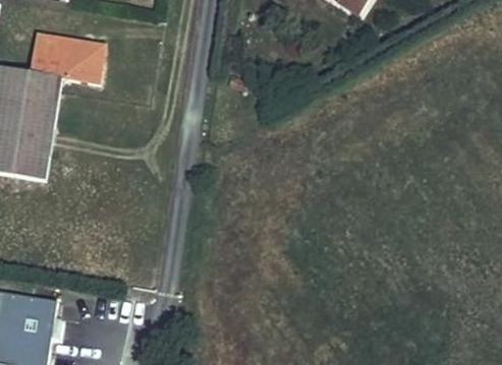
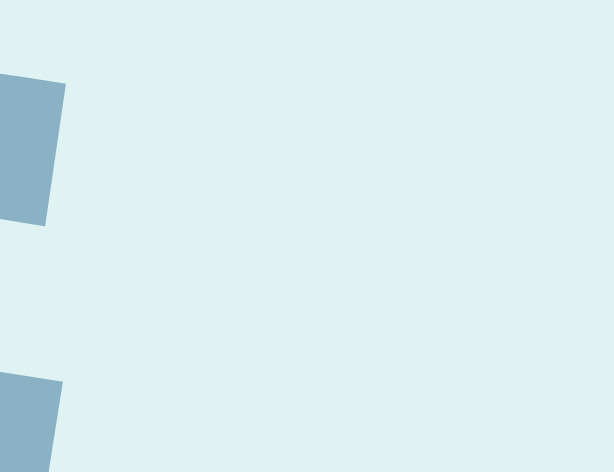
building: [29,34,104,83] -> none

